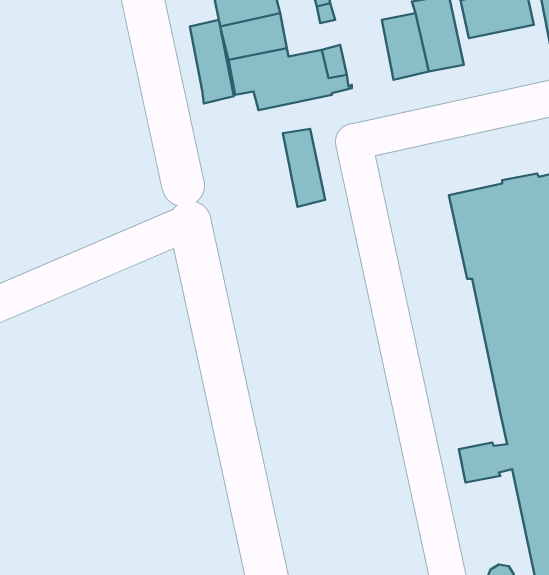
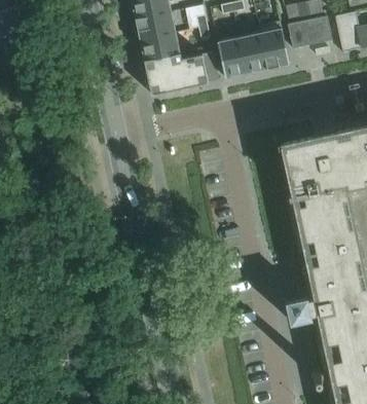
building: none -> [217,36,246,77]
building: [190,20,234,103] -> none
building: [283,129,325,207] -> none

